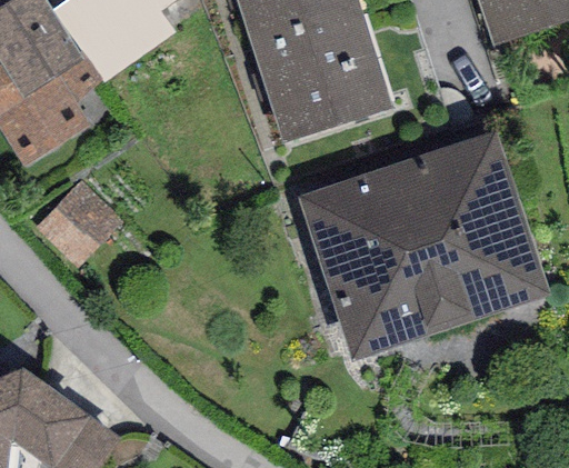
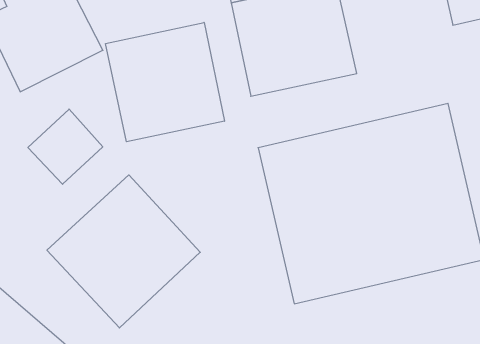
building: none -> [106,22,224,142]
building: none -> [47,175,200,328]

